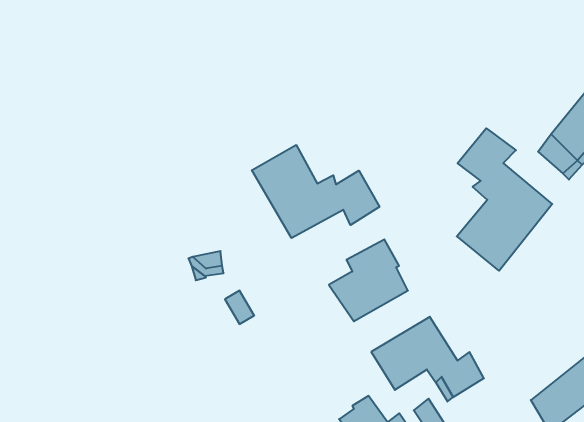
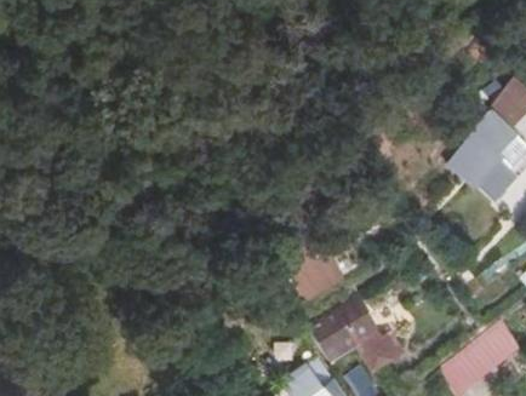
building: [457,128,552,271] -> none
building: [252,145,379,238] -> none

